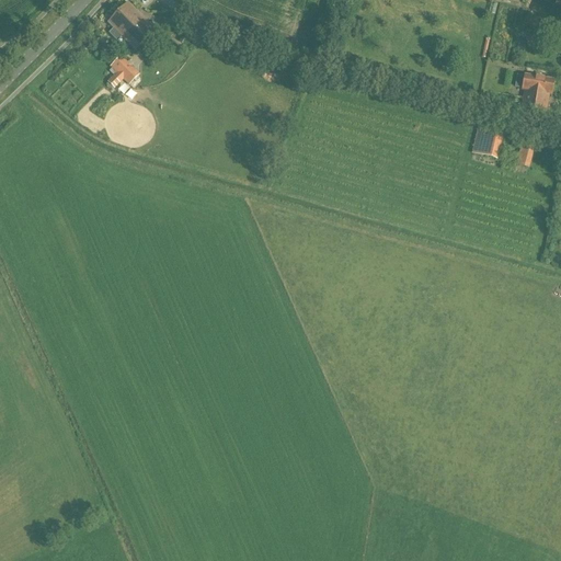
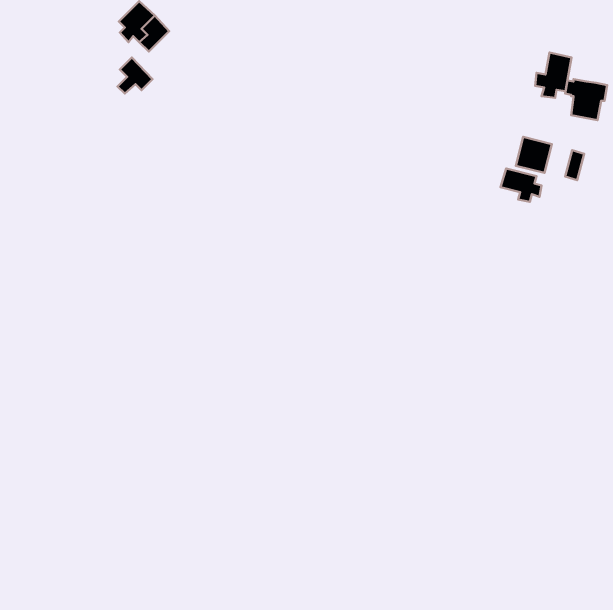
building: none -> [535,52,572,98]
building: none -> [501,168,542,202]

